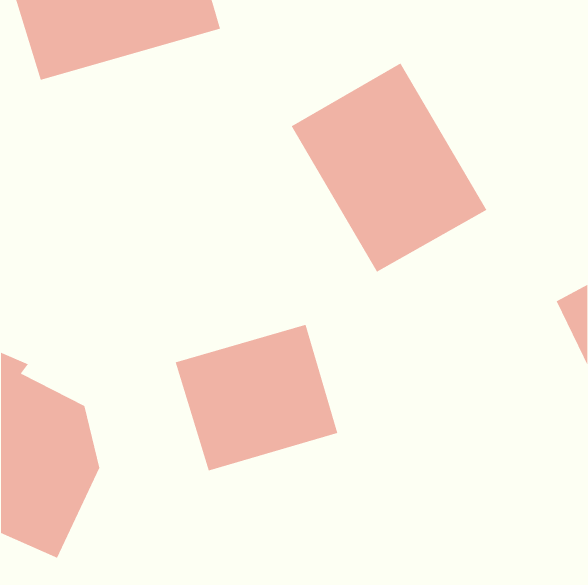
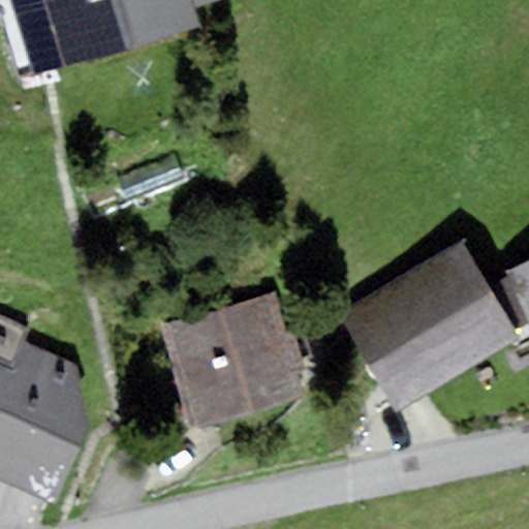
building: [291,62,487,273] -> none
building: none -> [338,243,518,411]

